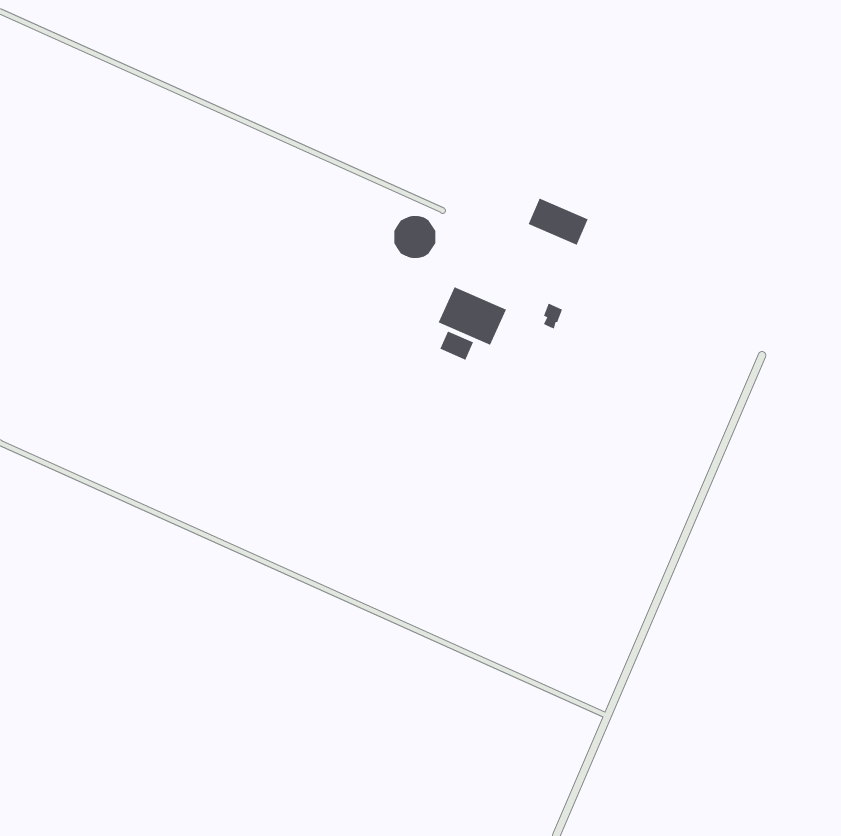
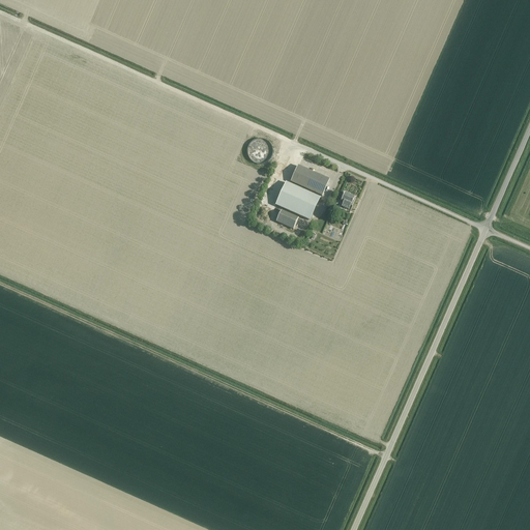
building: [528,198,589,245] -> [291,164,329,194]

